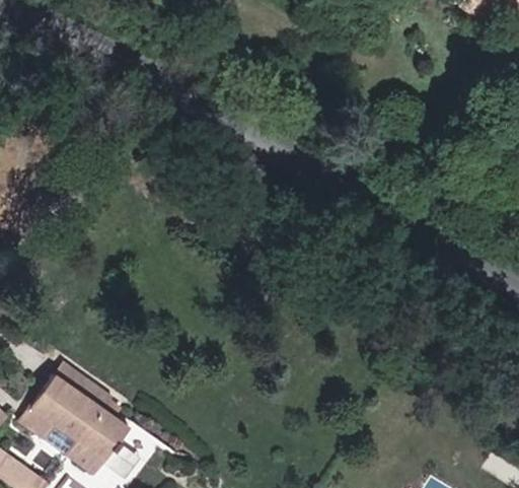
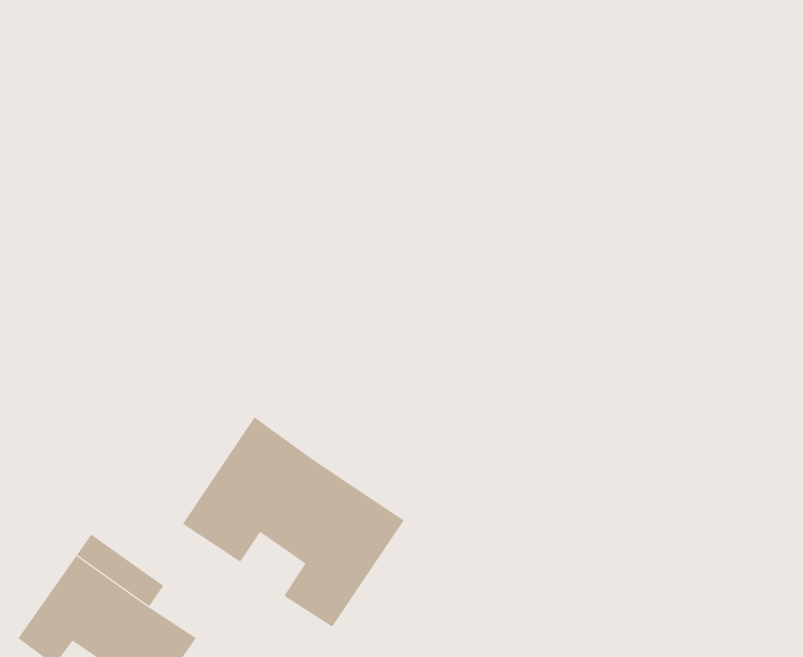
building: none -> [182,417,405,628]

